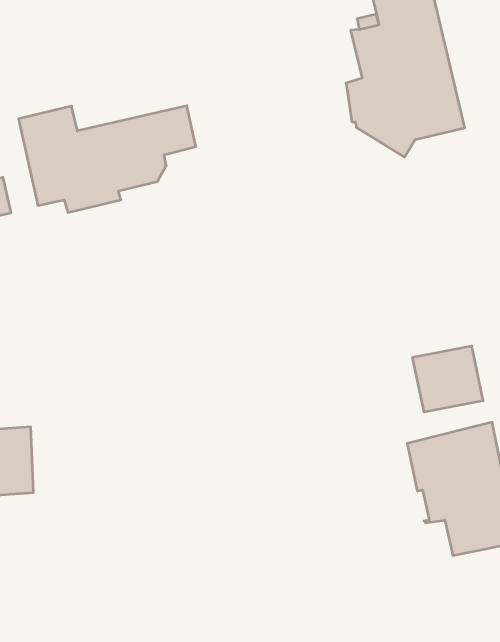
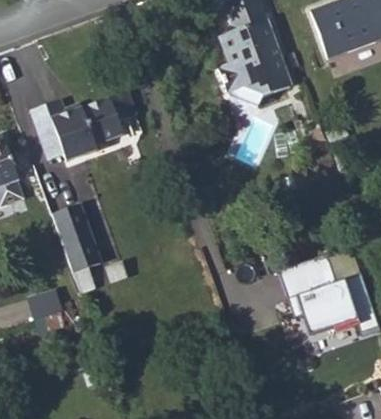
building: none -> [51,204,101,273]
building: [413,346,483,412] -> none

